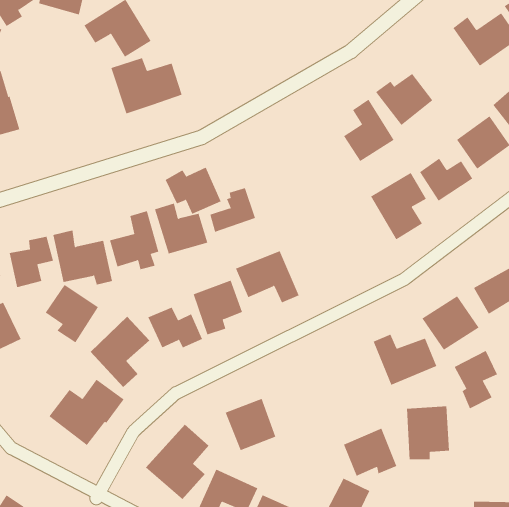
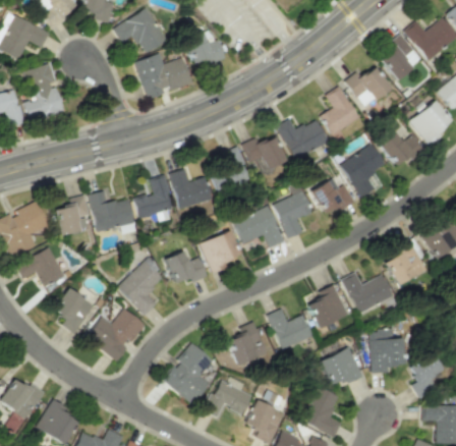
building: none -> [184,30,226,70]
building: none -> [378,37,422,80]
building: none -> [278,120,329,160]
building: [165,167,221,214] -> [242,135,287,173]
building: none -> [309,177,355,218]
building: none -> [274,190,312,239]
building: [45,284,99,343] -> [53,288,96,335]
building: none -> [308,285,348,328]
building: [454,350,498,409] -> [406,352,441,399]
building: none -> [270,310,312,349]

